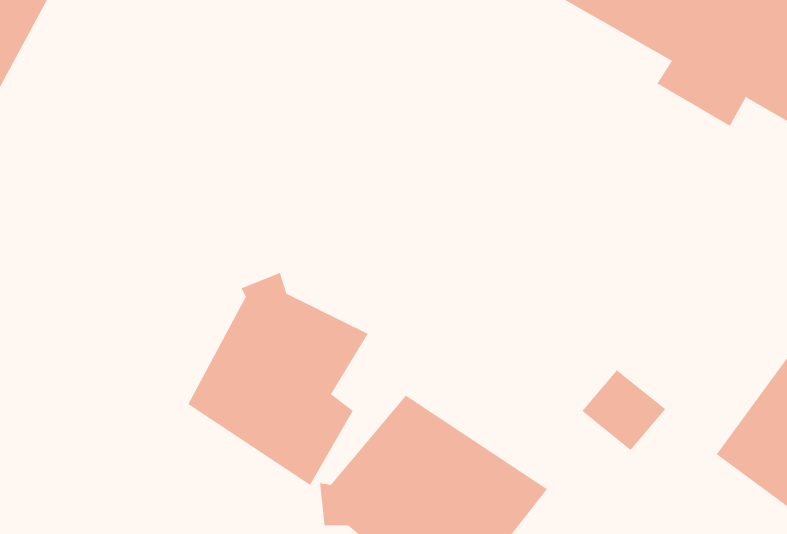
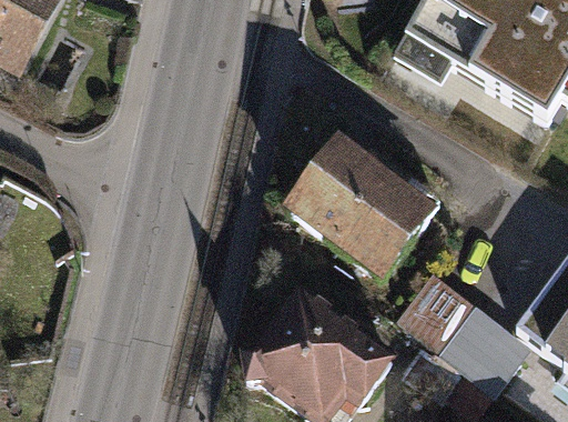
building: none -> [291,142,437,283]
building: [187,272,368,486] -> none

